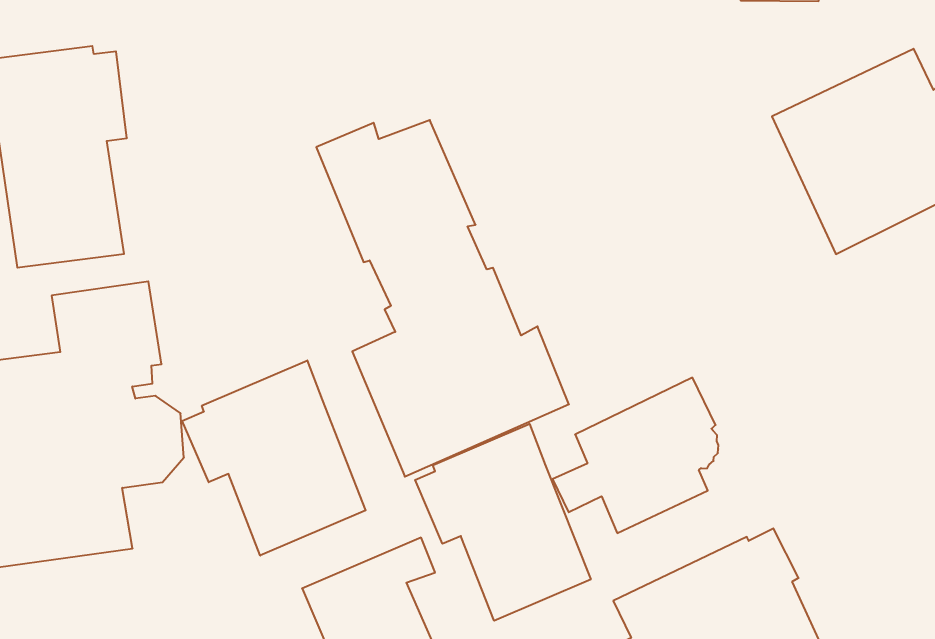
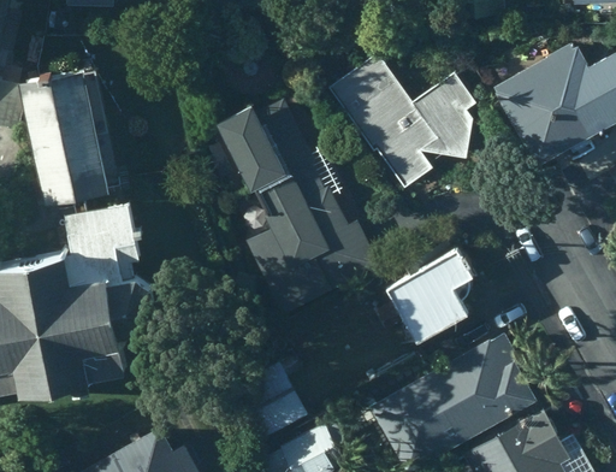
building: none -> [327,53,478,189]
building: [182,360,366,556] -> none
building: [415,424,591,621] -> none

